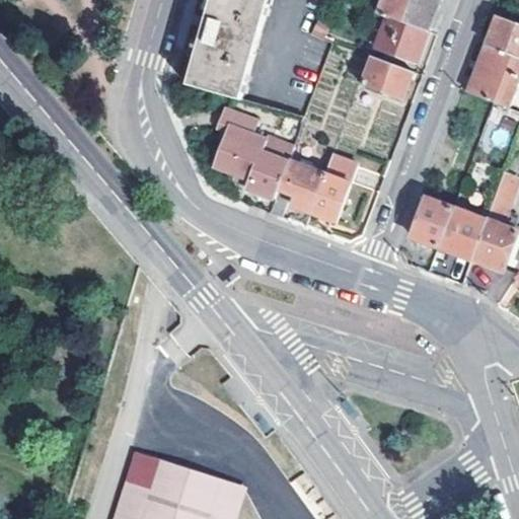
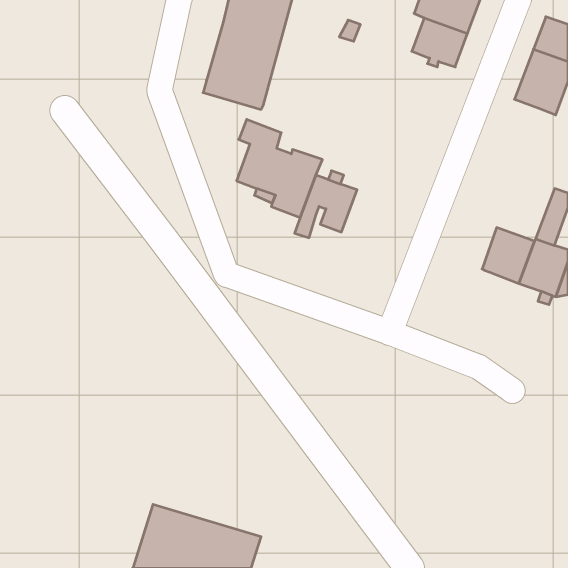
building: [361,56,411,98] -> none
building: [310,153,357,220] -> none
building: [411,197,451,244] -> none

